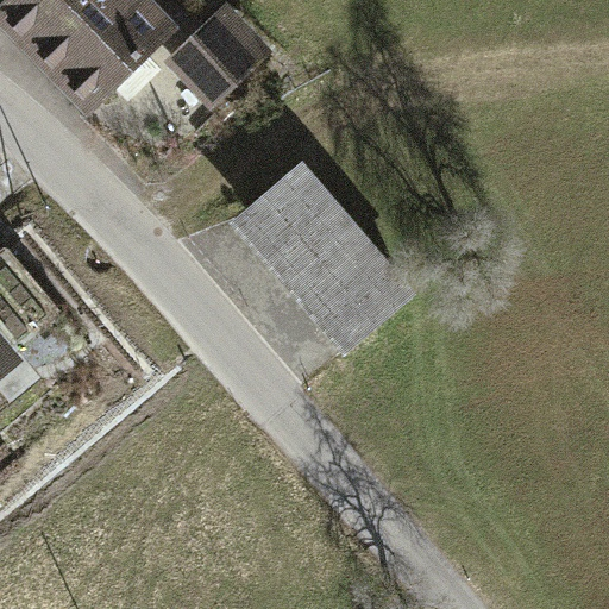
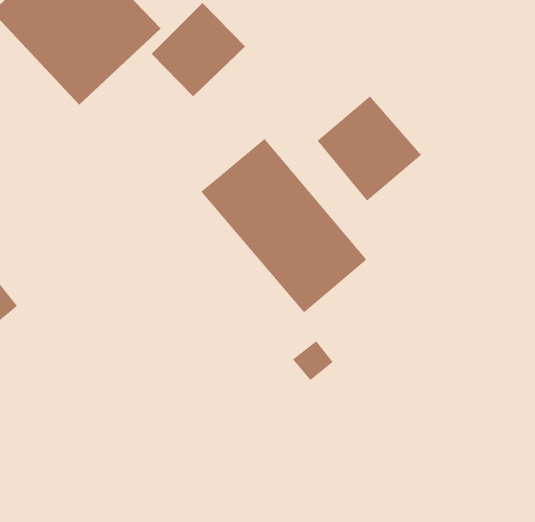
building: none -> [317,95,422,202]

